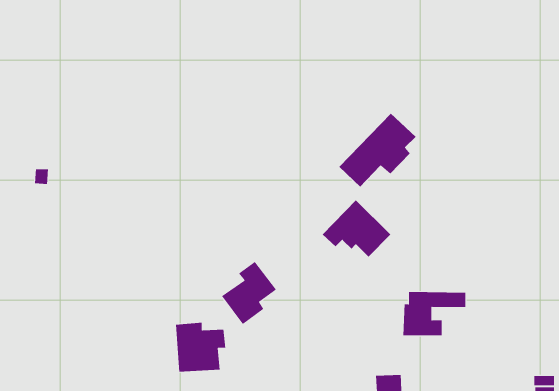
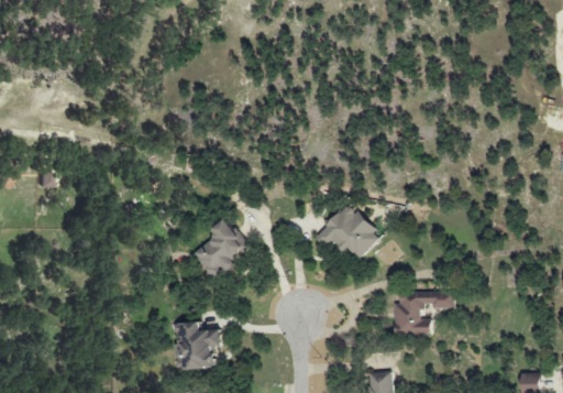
building: [339,113,417,187] -> none
building: [221,261,277,325] -> [194,218,247,280]

